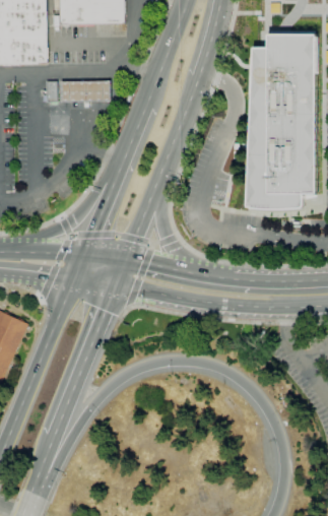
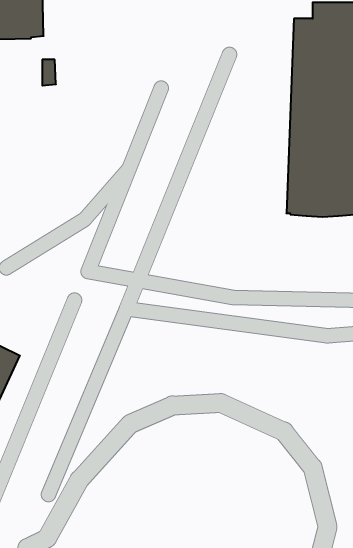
building: [61,81,110,103] -> none

